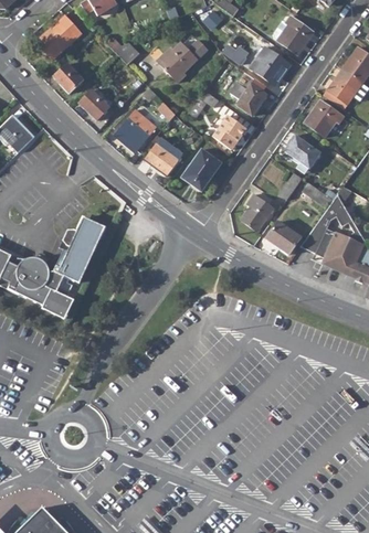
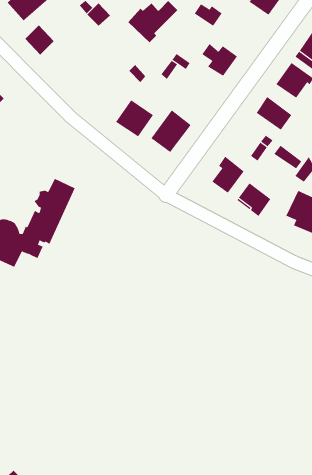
building: [251,46,292,86] -> none
building: [80,89,110,120] -> none
building: [116,109,157,150] -> none
building: [213,115,246,149] -> none
building: [43,290,73,317] -> none

